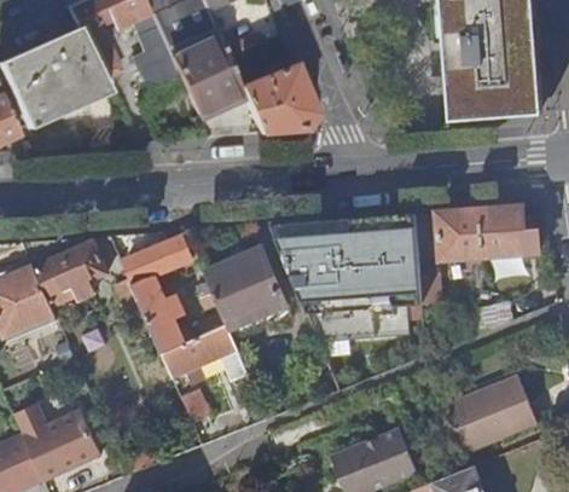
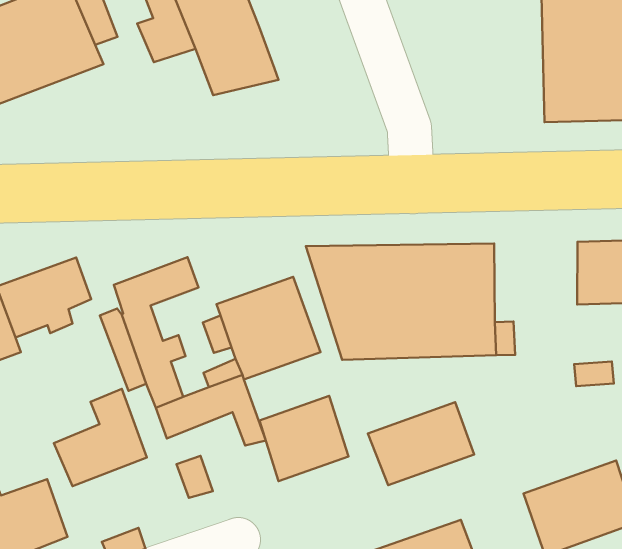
building: [239,65,313,134] -> none
building: [437,208,482,259] -> none
building: none -> [368,402,474,485]
building: none -> [259,396,348,481]
building: none -> [54,389,147,486]

